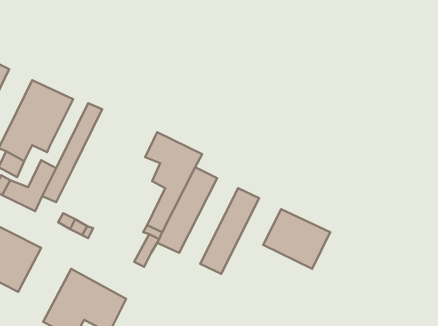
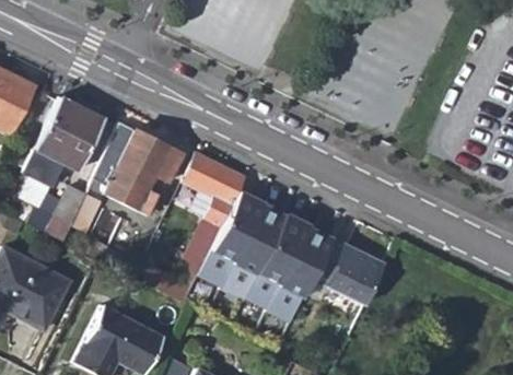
building: none -> [106,129,186,214]
building: none -> [222,204,287,300]
building: none -> [268,226,334,323]

